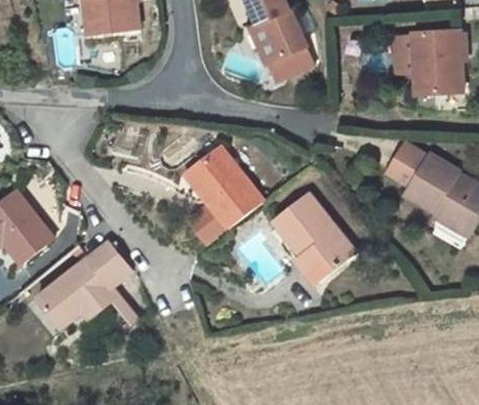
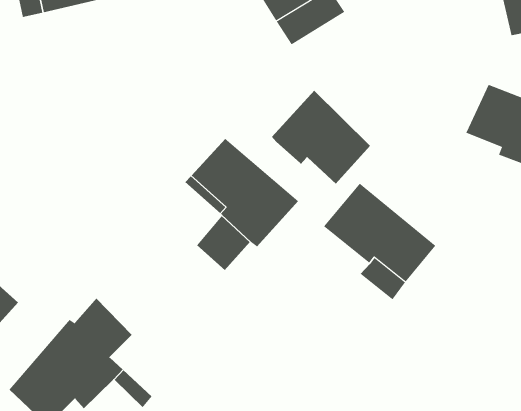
building: none -> [271,90,371,184]

